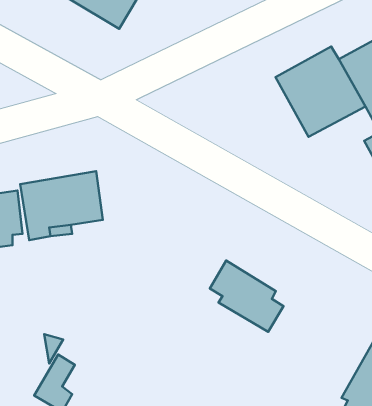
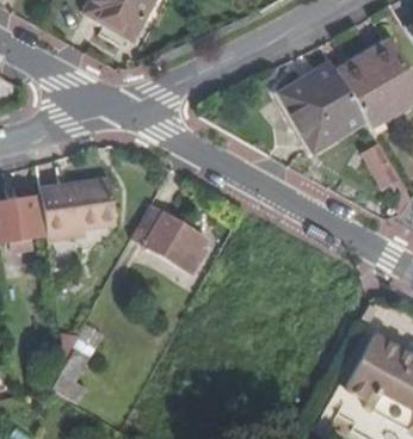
building: [210,260,283,332] -> [137,205,206,272]

